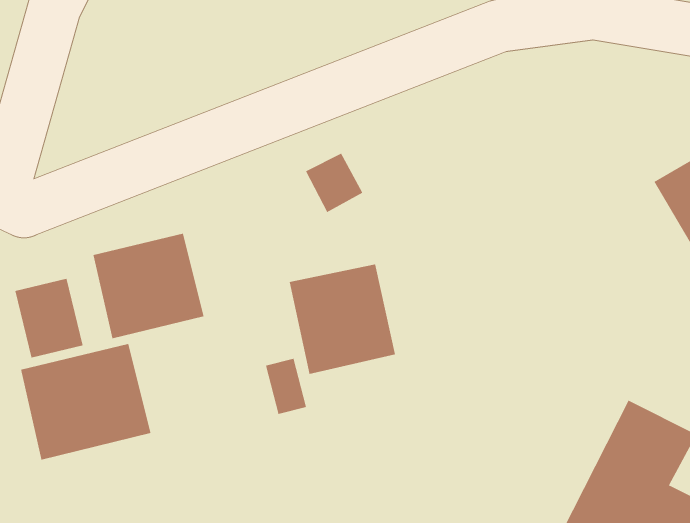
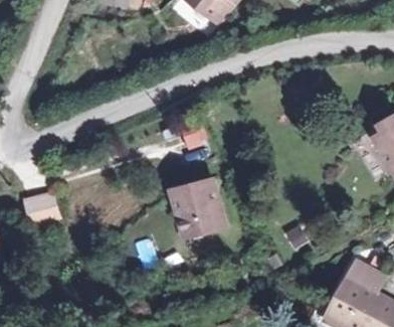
building: [93,233,204,339] -> none
building: [21,343,151,460] -> none

